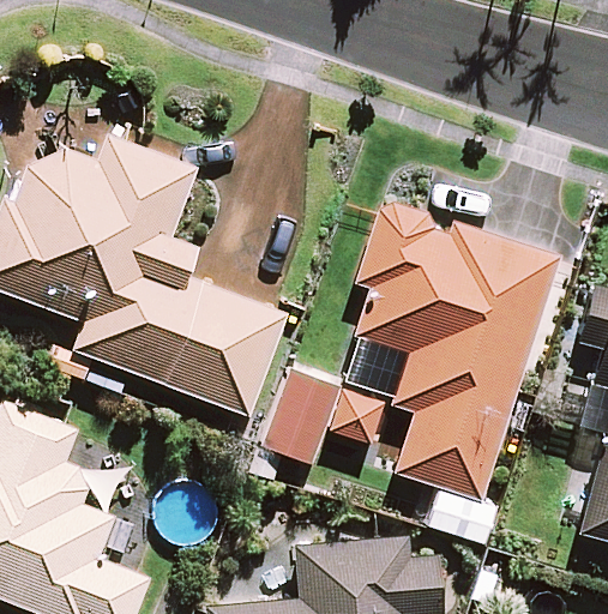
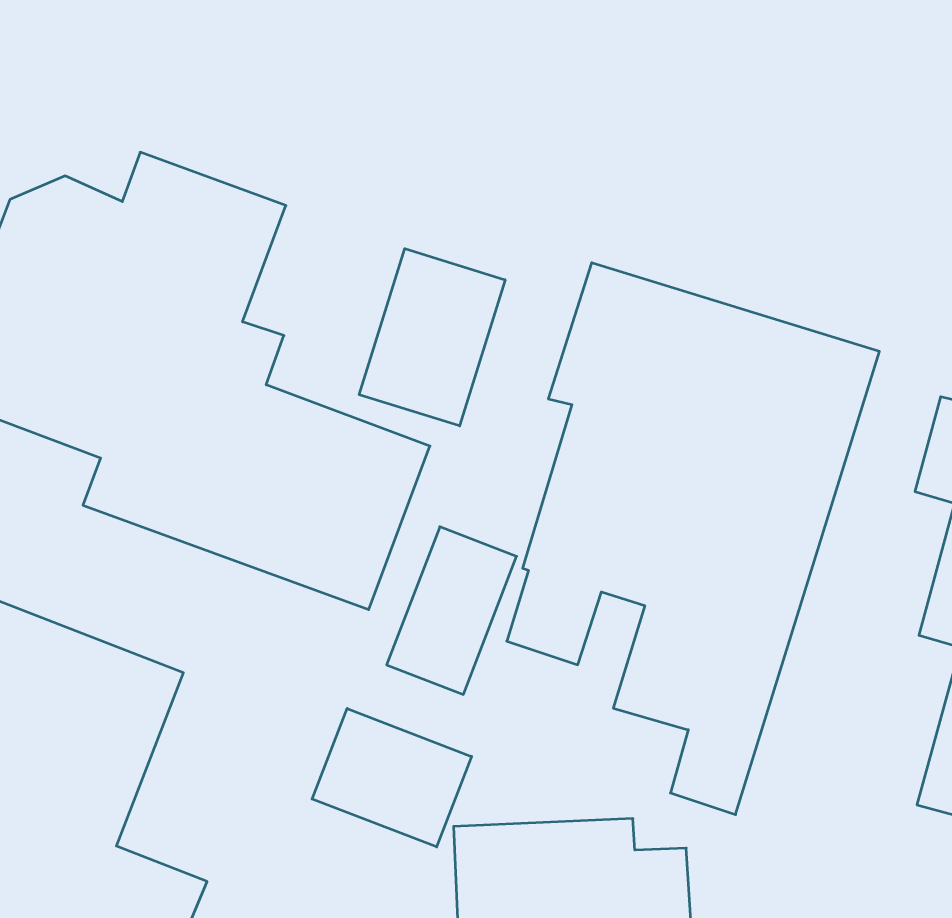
building: none -> [359,249,505,426]
building: none -> [312,708,472,847]

